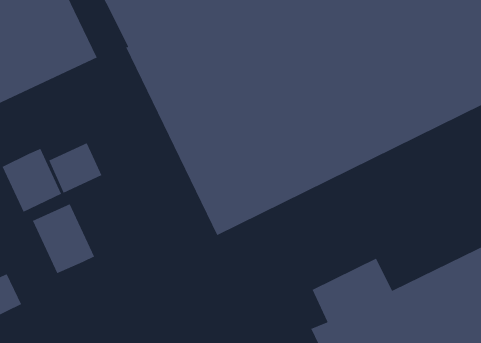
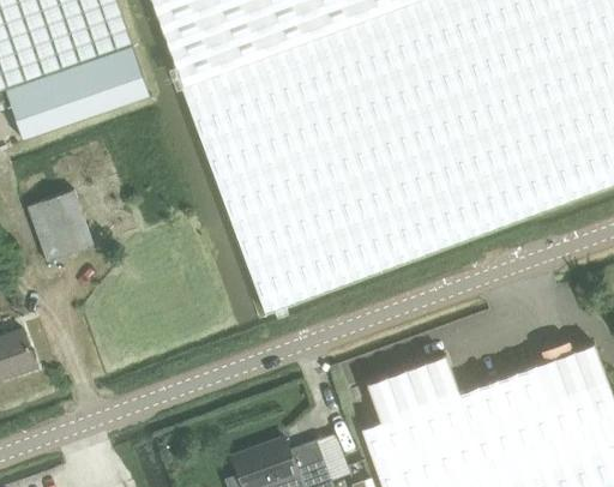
building: [48,142,102,194] -> none
building: [32,203,95,274] -> none

